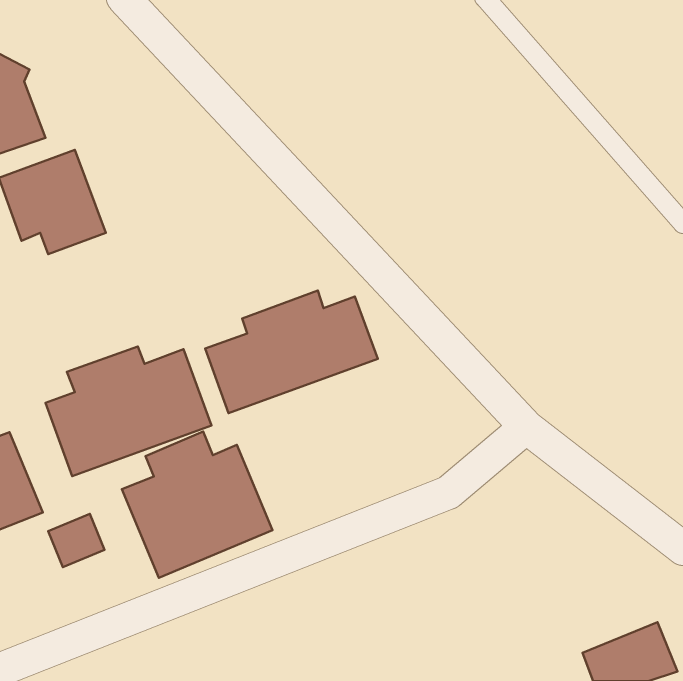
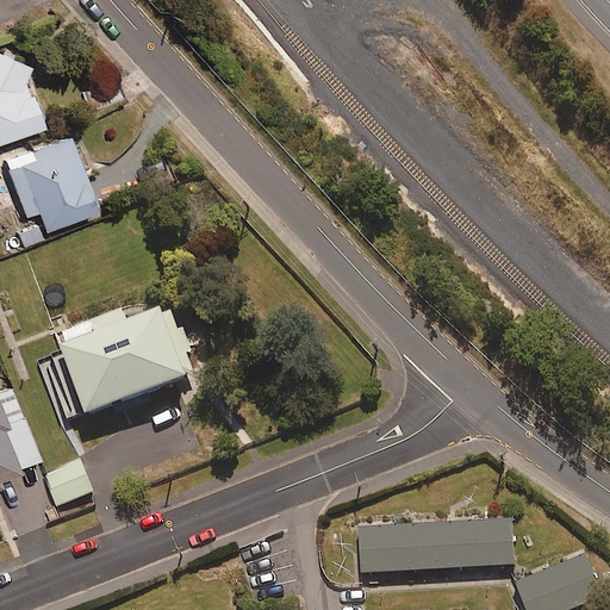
building: [205,291,378,413] -> none
building: [122,431,273,578] -> none
building: none -> [359,518,515,571]

